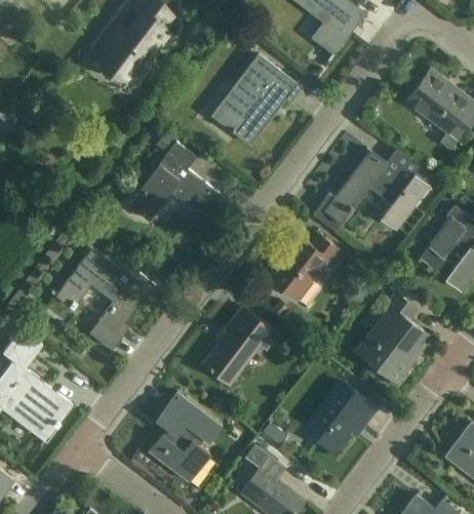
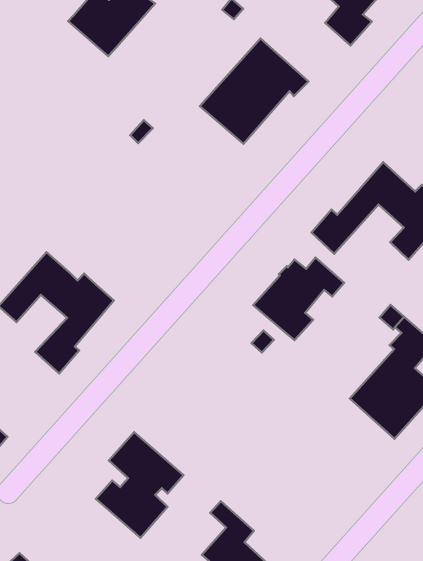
building: [130,144,219,220] -> none
building: [203,307,279,385] -> none
building: [306,383,376,451] -> none

